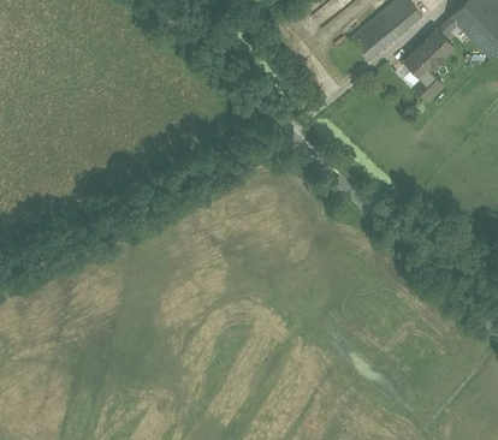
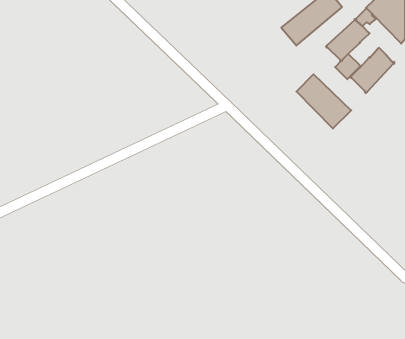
building: none -> [351,48,394,93]
building: none -> [296,74,351,129]

